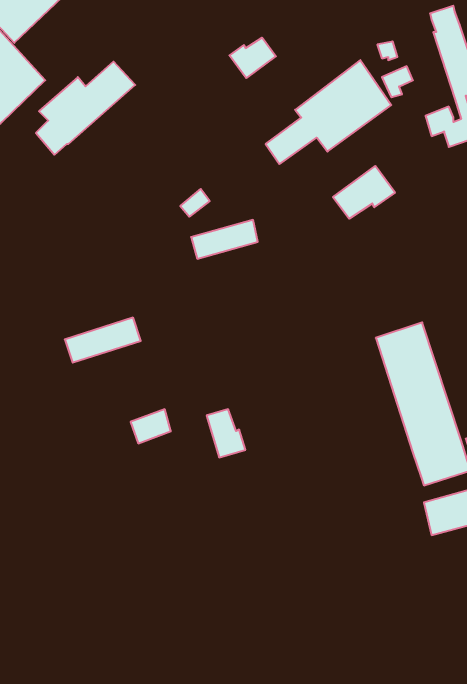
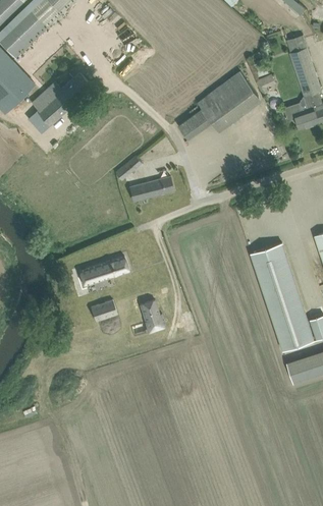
building: [229,38,276,78] -> none
building: [333,166,395,219] -> none
building: [65,318,141,363] -> [78,257,128,286]

